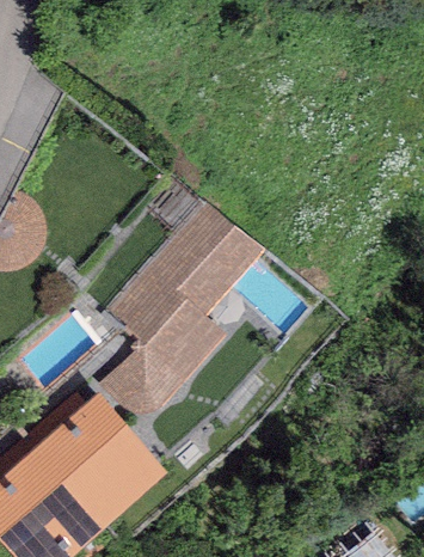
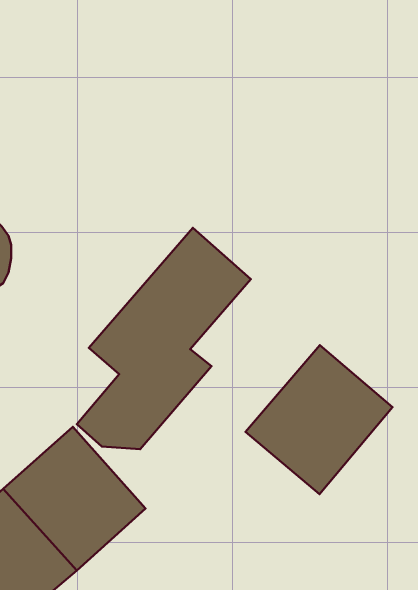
building: none -> [246,345,392,494]

